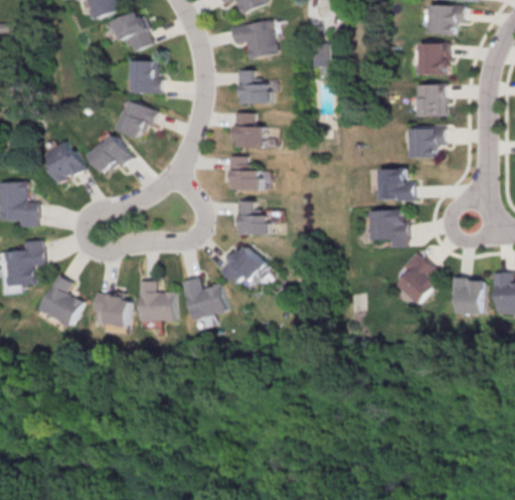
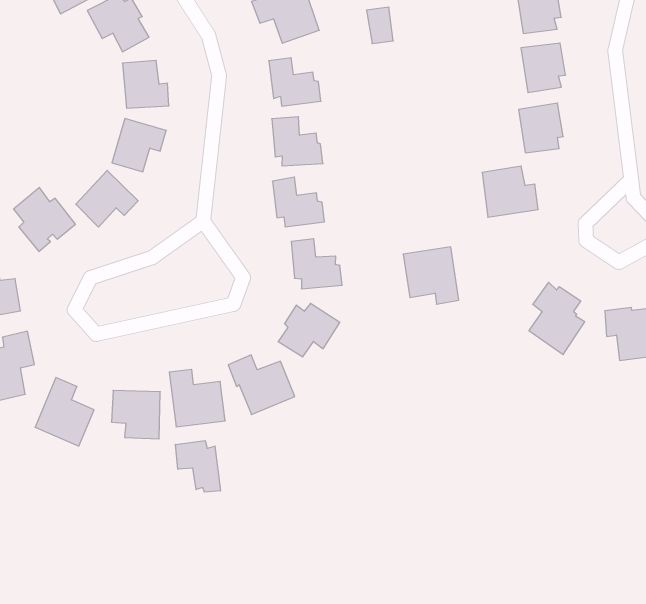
building: [371,208,406,247] -> [403,247,459,304]
building: none -> [175,441,220,492]

